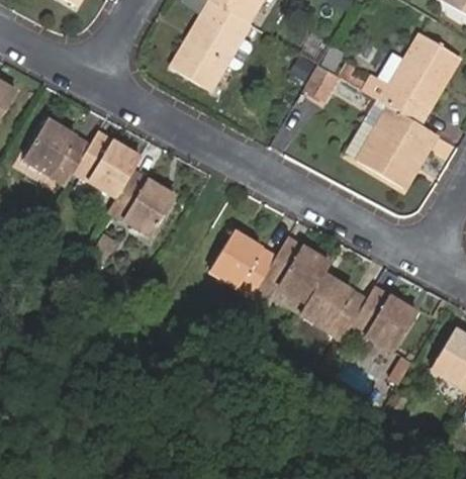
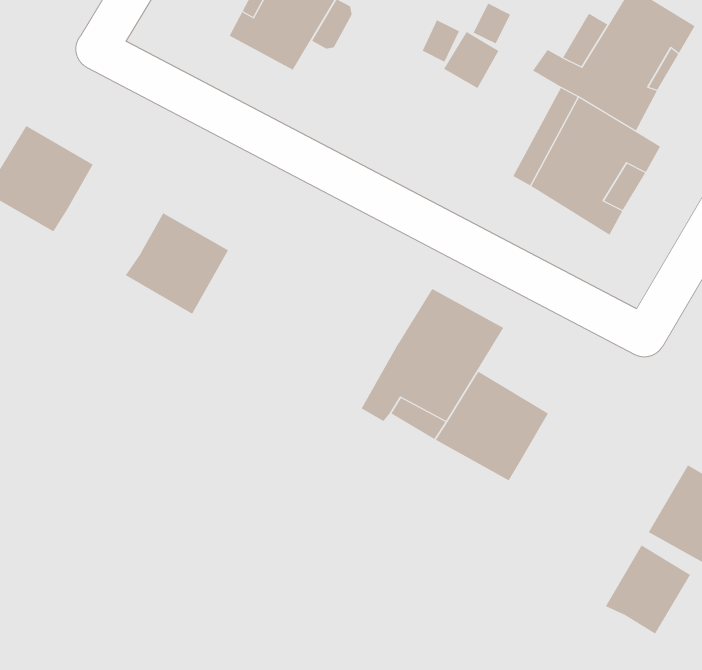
building: [74,132,142,199] -> none
building: [210,231,276,294] -> none
building: [351,288,415,352] -> none
building: none -> [605,545,691,634]

